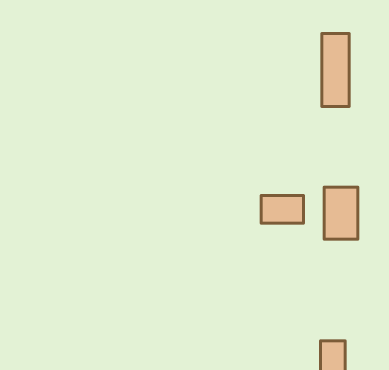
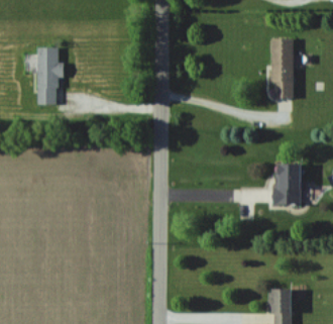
building: none -> [36,47,60,105]
building: [261,196,303,223] -> none

